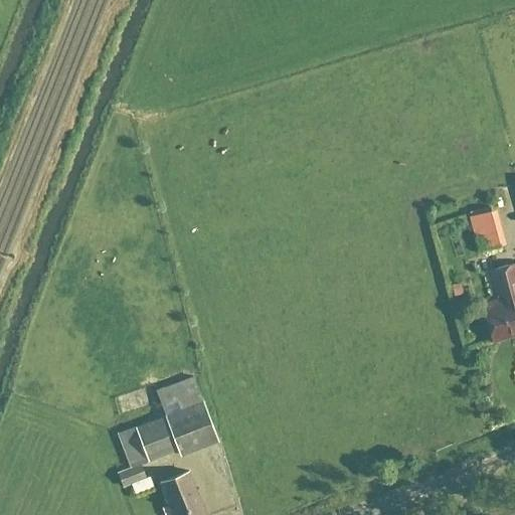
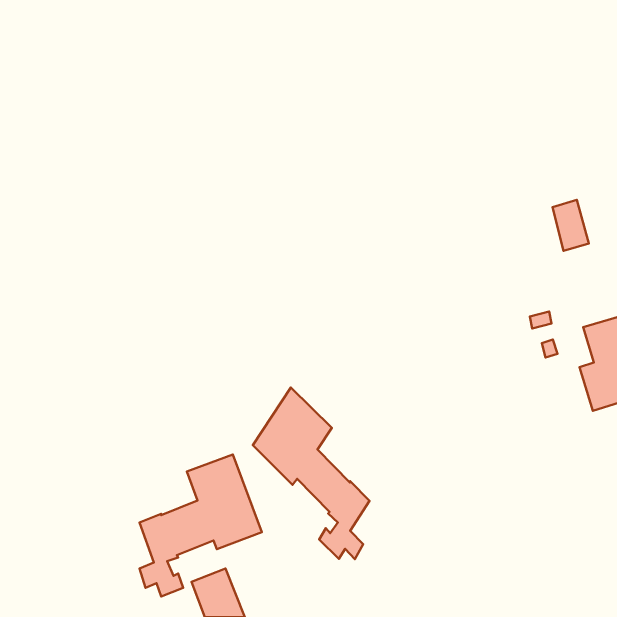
building: [472,209,502,251] -> [552,200,589,251]
building: none -> [253,388,369,559]

